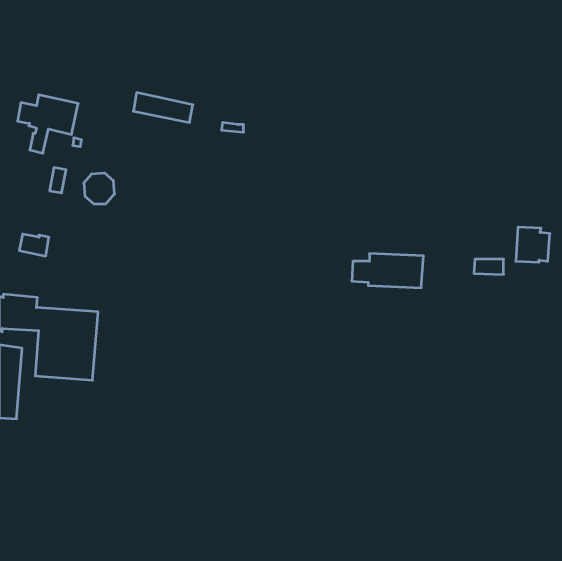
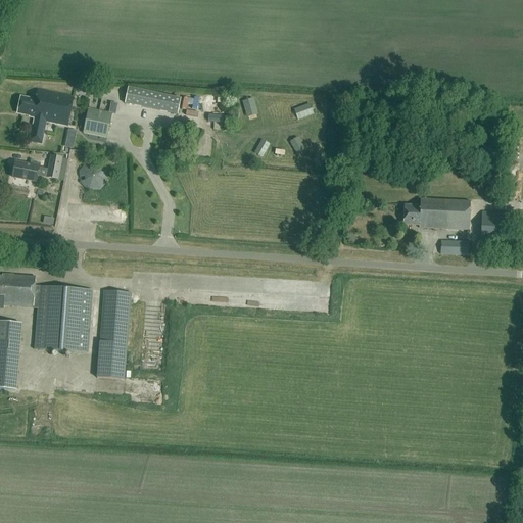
building: none -> [81,107,110,137]
building: [19,234,49,256] -> [10,160,38,181]
building: [352,254,423,288] -> [402,197,469,229]
building: none -> [96,290,130,378]

